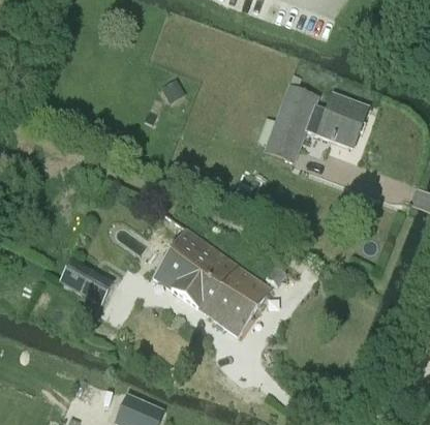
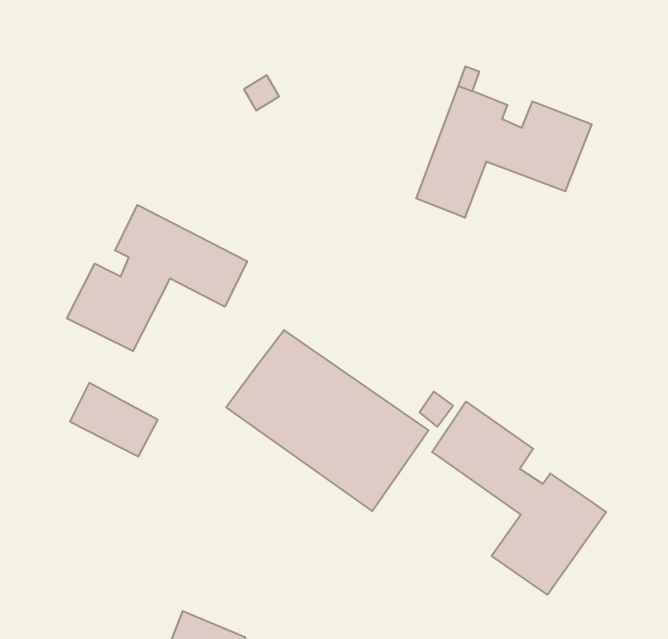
building: none -> [67,205,247,351]
building: none -> [432,402,606,595]

